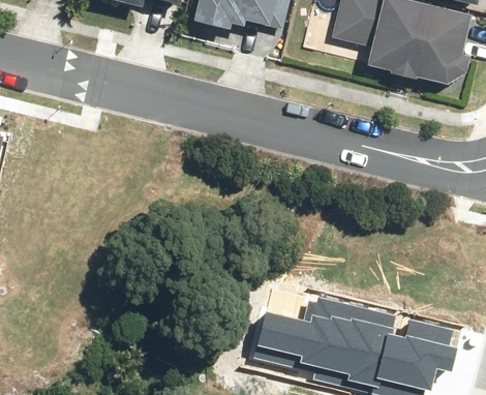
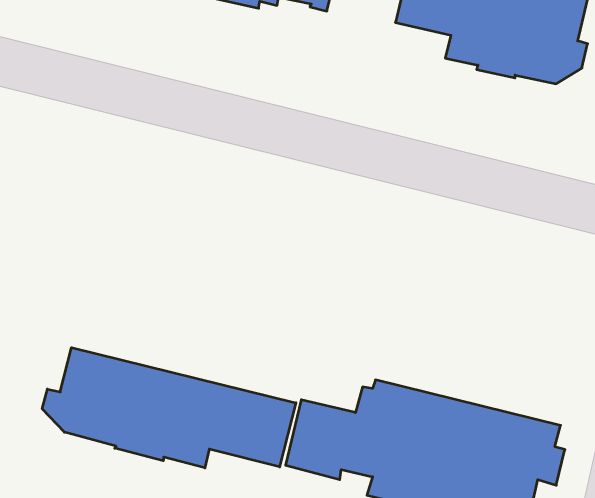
building: none -> [42,348,296,468]

